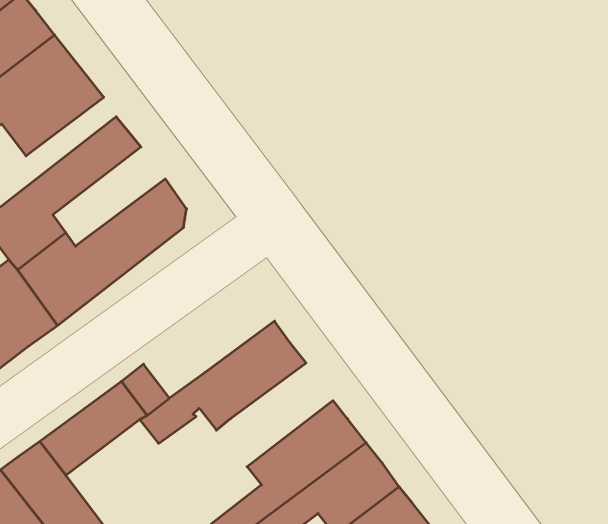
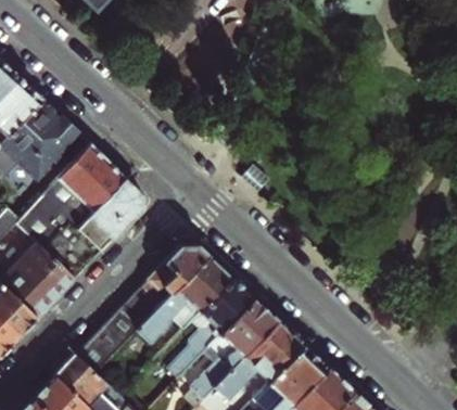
building: none -> [60,161,126,229]
building: none -> [140,244,208,295]
building: none -> [166,278,253,379]

